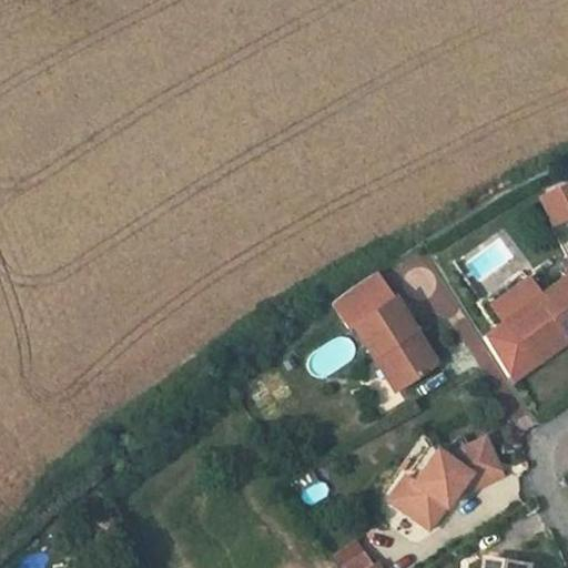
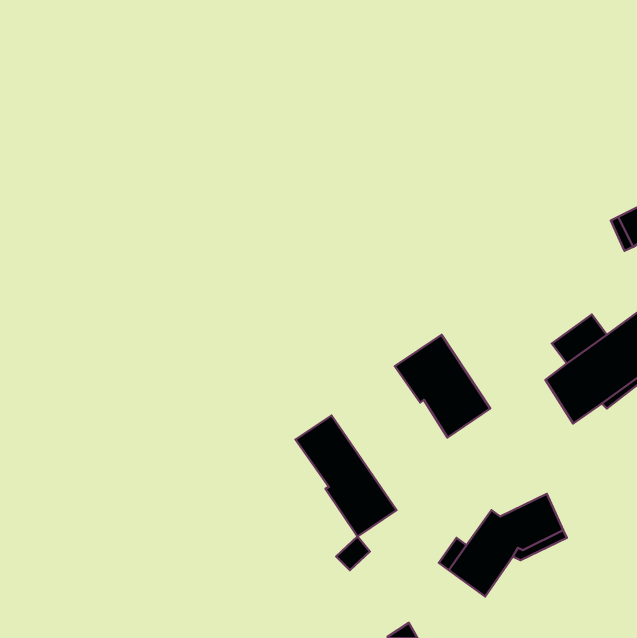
building: [336,274,394,326] -> none
building: none -> [296,415,397,536]

